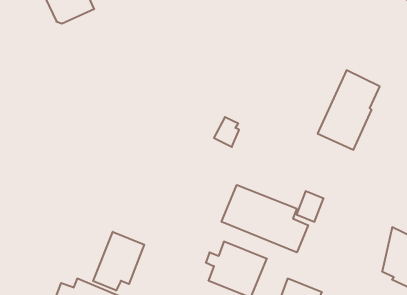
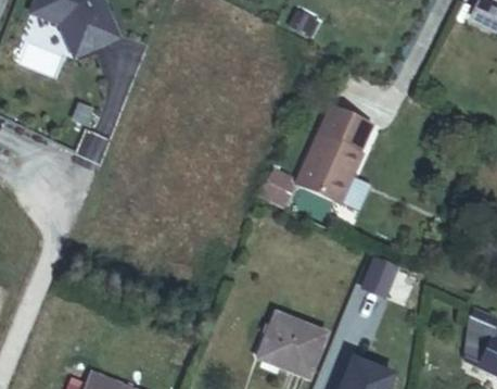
building: [318,70,380,150] -> [296,104,371,200]
building: [222,185,308,252] -> none
building: [93,232,144,291] -> none

